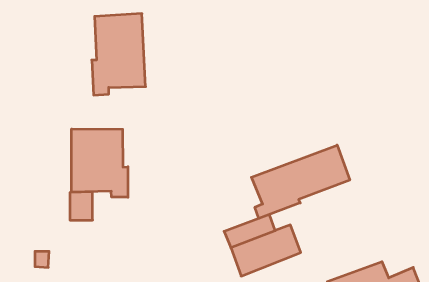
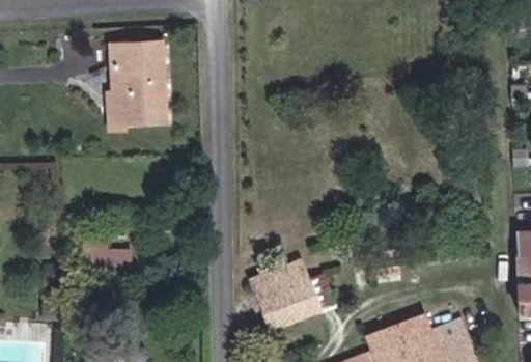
building: [72,129,128,197] -> none
building: [251,145,350,218] -> none

